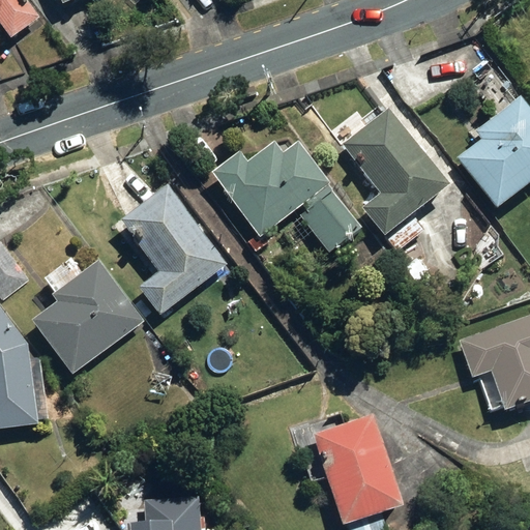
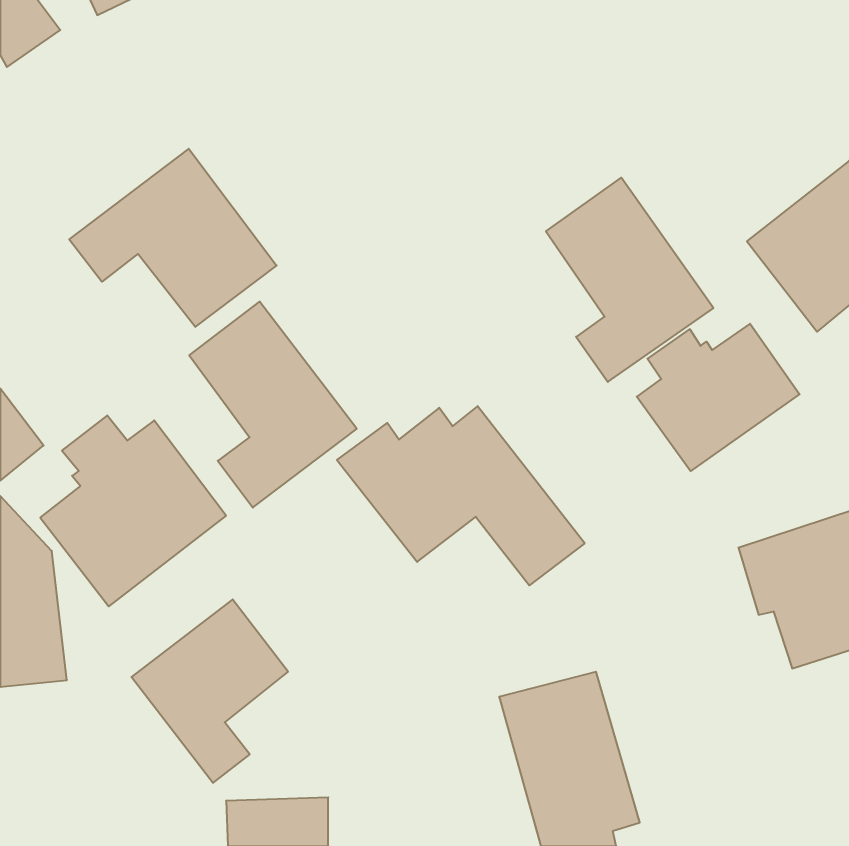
building: none -> [69,149,277,327]
building: [210,142,363,253] -> [337,406,585,585]
building: none -> [637,324,800,471]
building: none -> [131,599,288,783]

